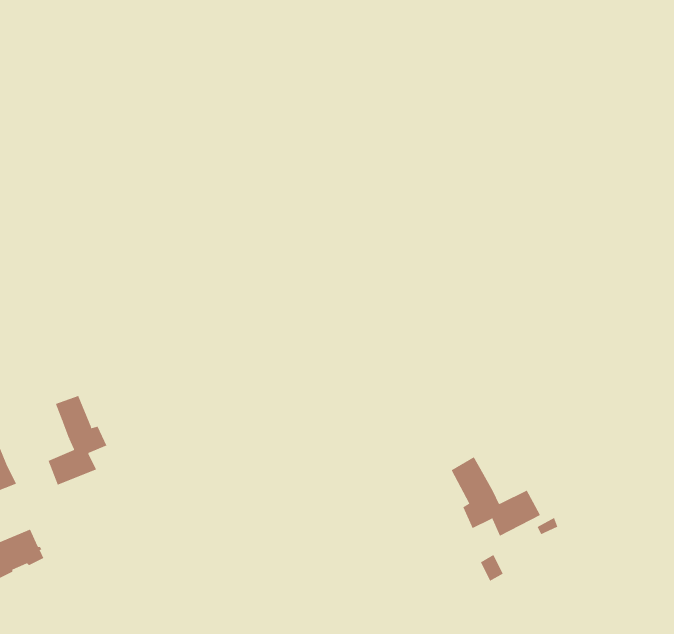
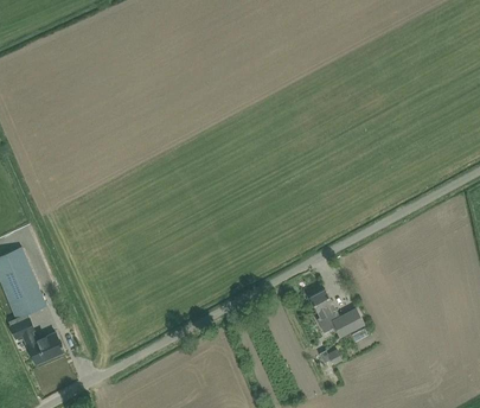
building: [48,395,107,486] -> none

